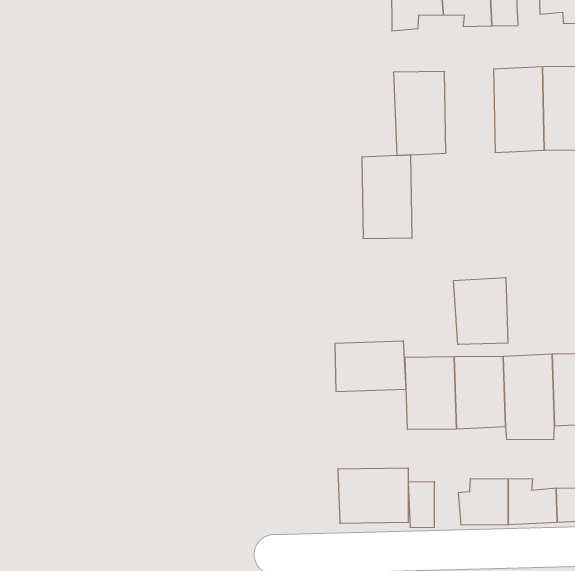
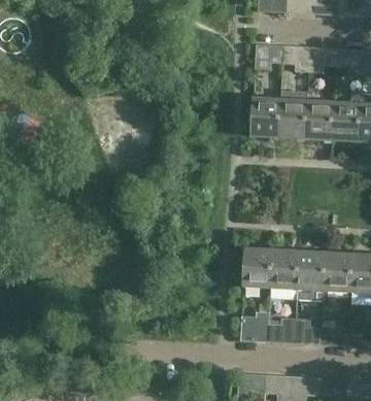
building: [362,155,412,238] -> [277,93,307,139]
building: [454,277,508,345] -> none
building: [335,341,406,392] -> none
building: [338,468,408,524] -> none

